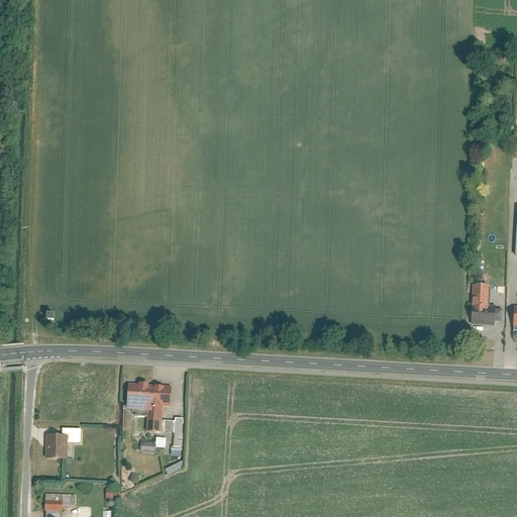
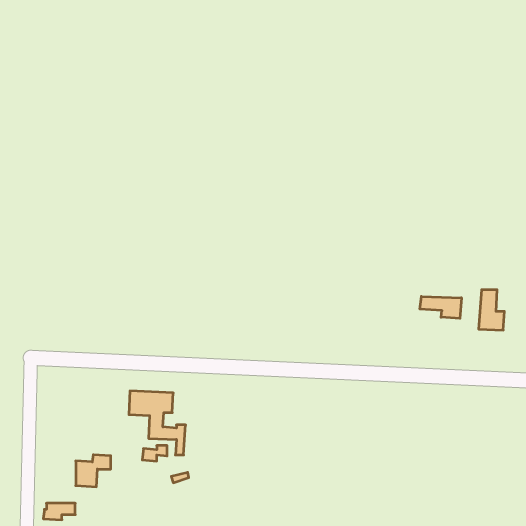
building: none -> [420,296,461,318]
building: [45,426,80,457] -> [76,455,111,487]

